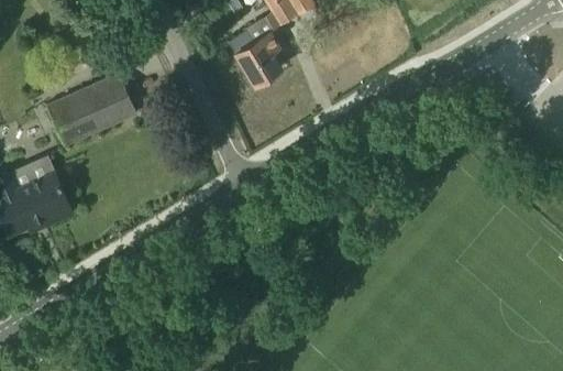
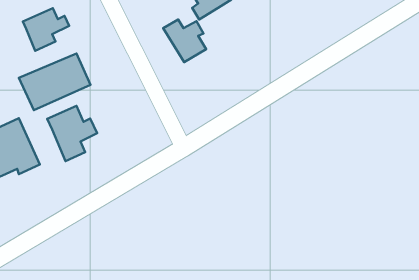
building: none -> [23,8,69,51]
building: none -> [47,106,97,161]

